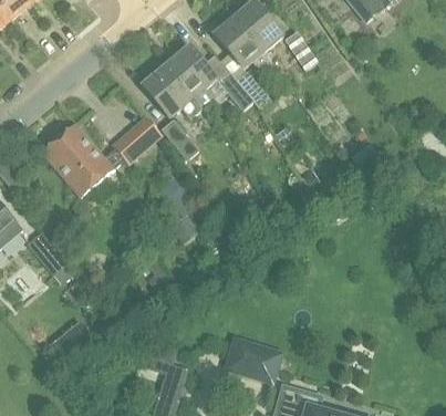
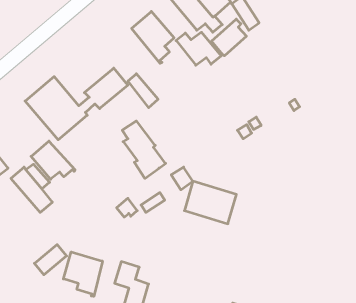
building: none -> [212,19,246,56]
building: [143,66,200,117] -> none
building: none -> [31,141,75,179]
building: none -> [63,252,102,296]
building: [222,333,283,383] -> [184,181,236,224]

